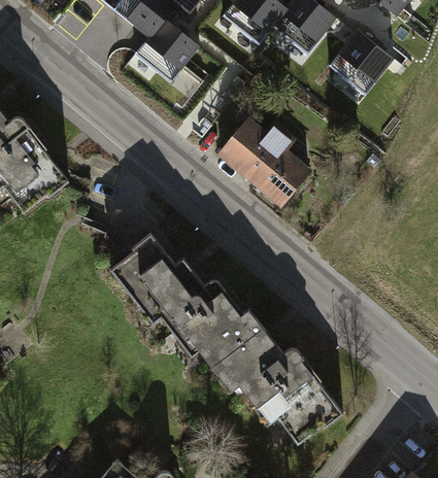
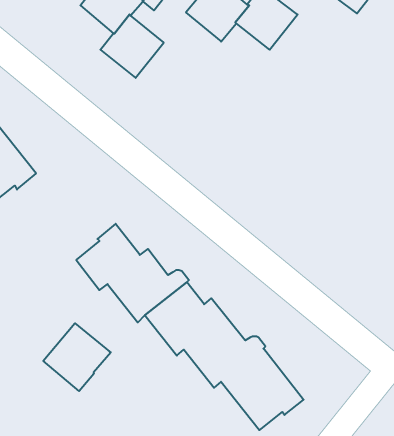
building: [328,31,394,96] -> none
building: [221,122,307,204] -> none
building: none -> [43,323,111,391]

